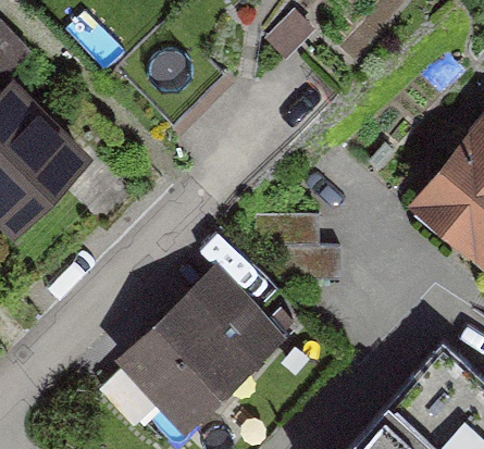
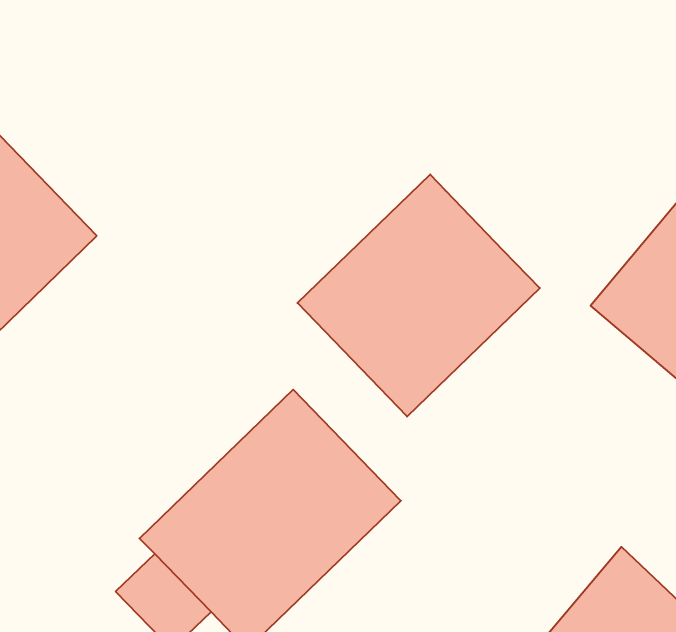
building: none -> [297,174,540,417]

